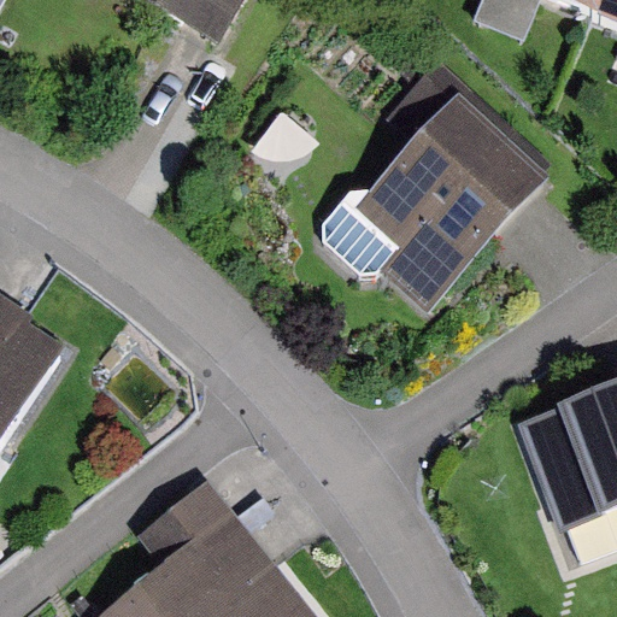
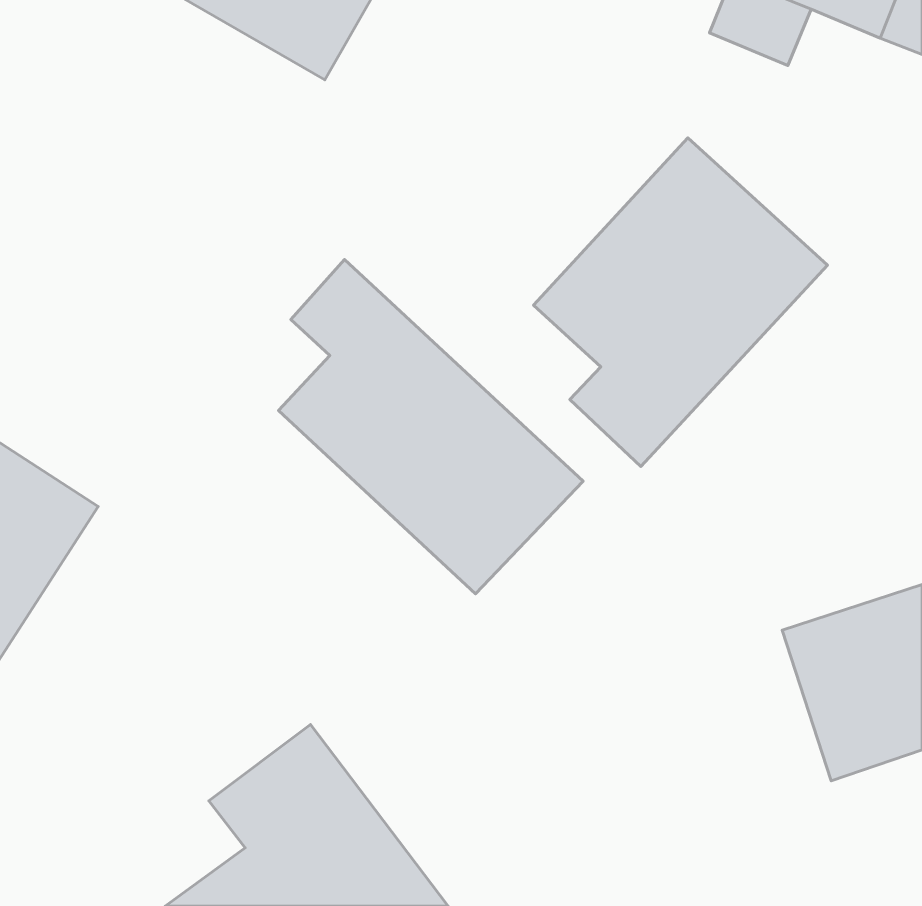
building: none -> [278,260,583,594]

